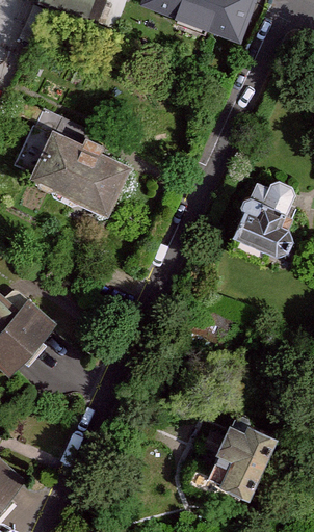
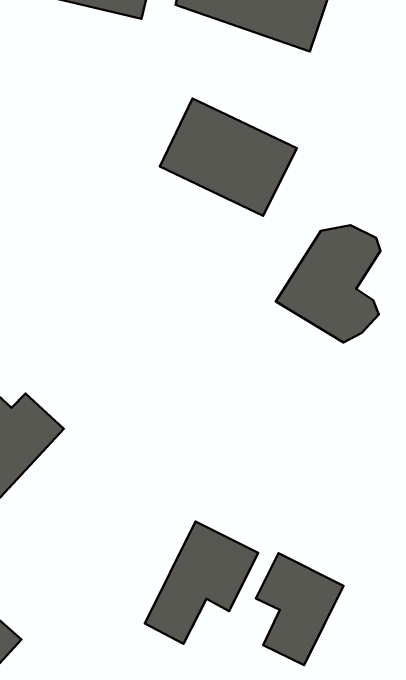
building: [26,125,127,211] -> [160,99,297,216]
building: none -> [145,522,258,644]

